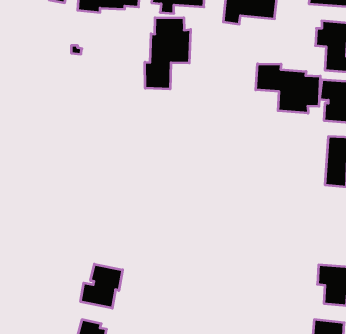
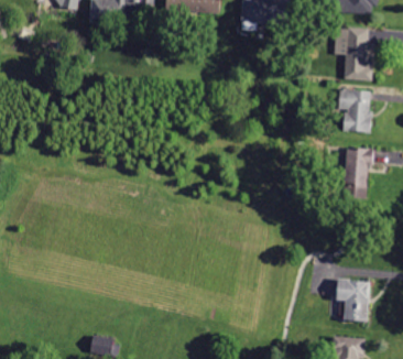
building: [145,18,191,89] -> none
building: [256,64,320,113] -> none
building: [81,264,123,308] -> none

